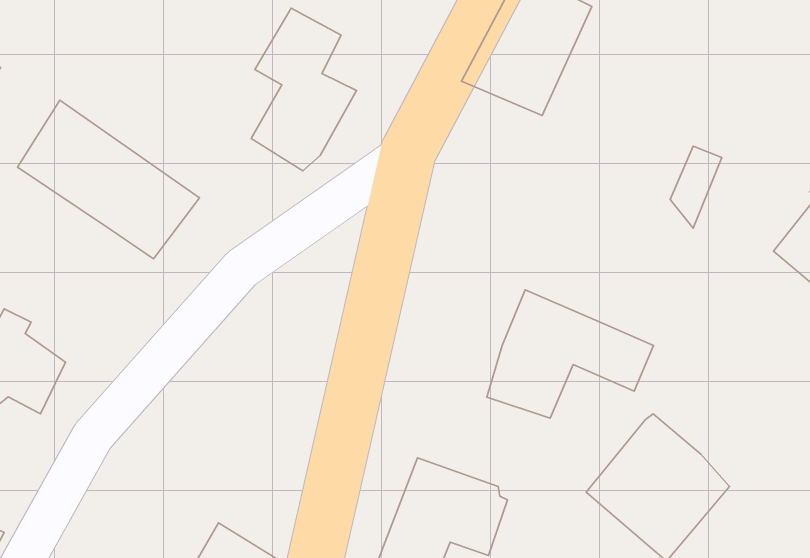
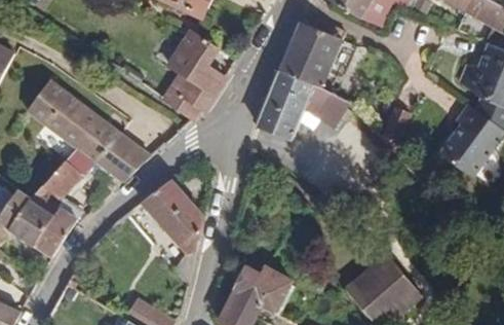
building: none -> [105,130,160,181]
building: none -> [36,160,89,256]
building: [487,290,653,418] -> [249,67,339,136]
building: none -> [139,181,200,292]

